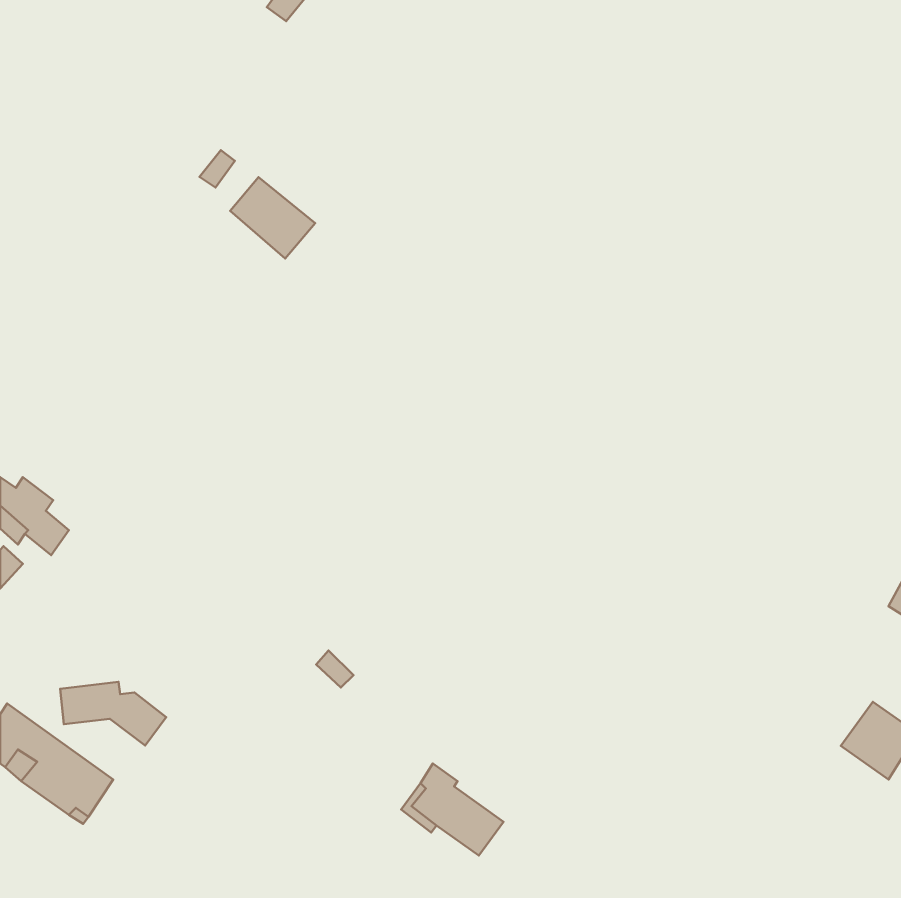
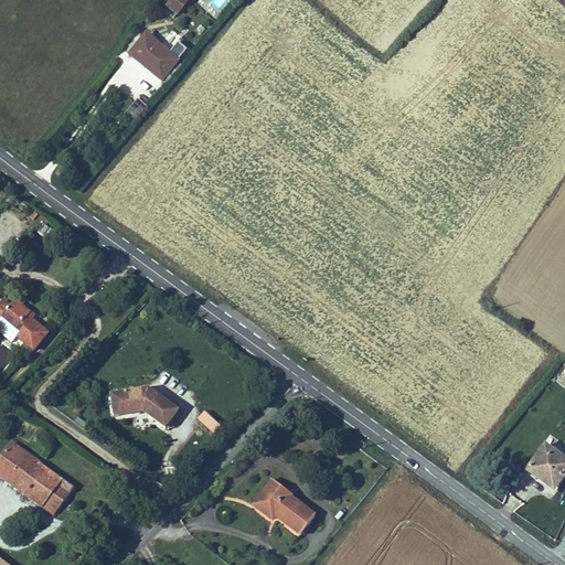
building: [230,177,315,258] -> [130,30,183,81]
building: [60,682,166,745] -> [109,384,175,424]

